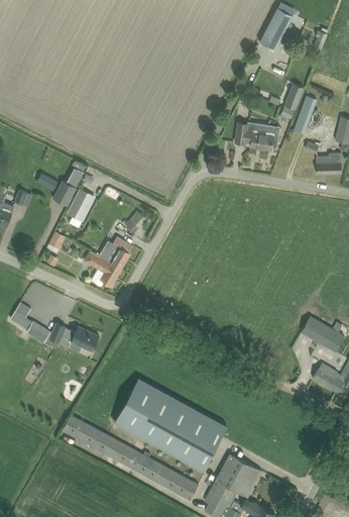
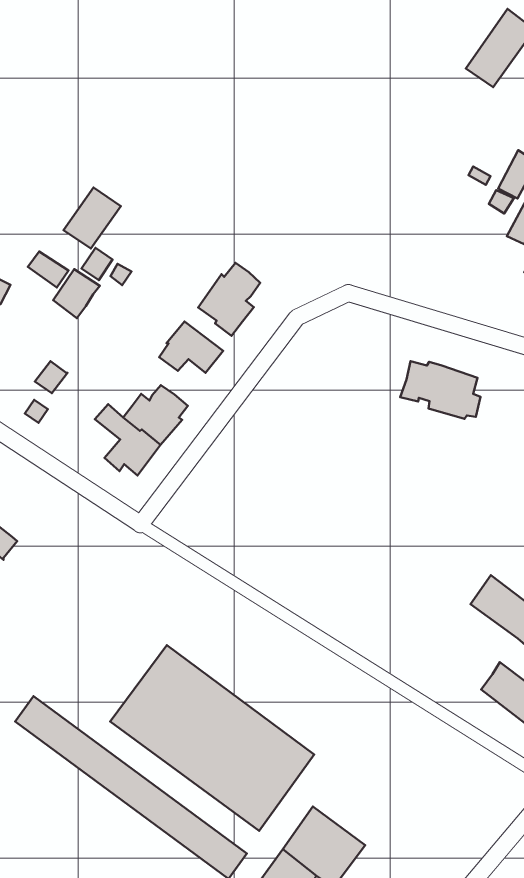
building: [234,122,277,150] -> [400,361,480,419]
building: none -> [198,263,260,336]
building: [66,189,95,222] -> [64,187,121,249]
building: [49,323,98,352] -> none

